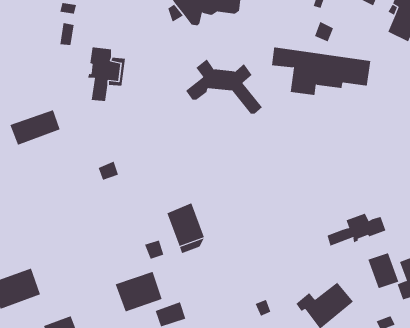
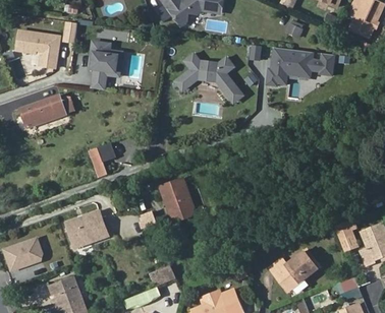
building: none -> [15,30,58,67]
building: [327,213,386,246] -> none
building: [115,271,162,312] -> [69,211,111,247]

